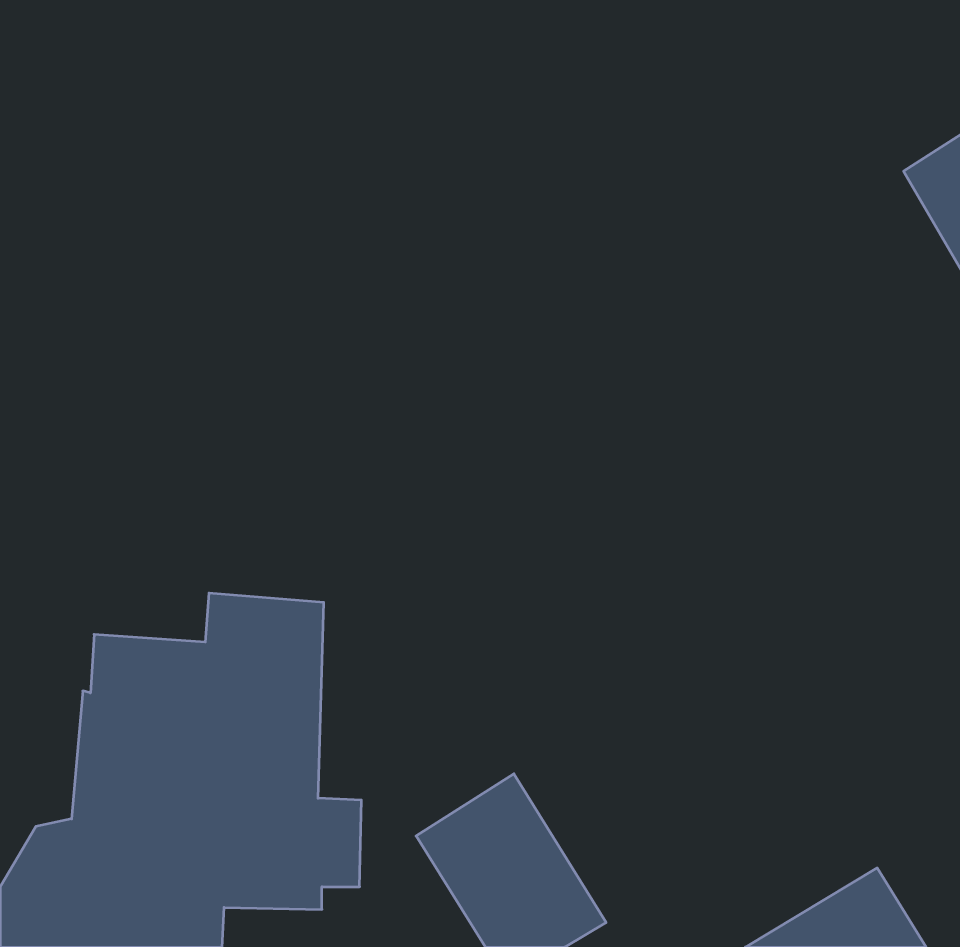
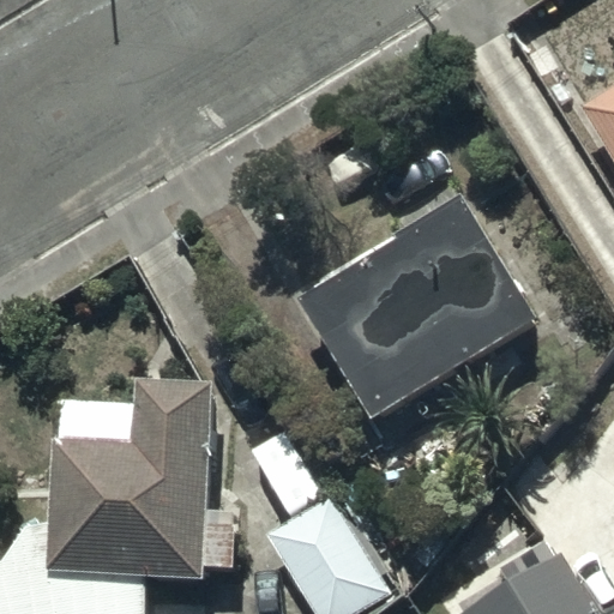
building: none -> [300,200,538,419]

